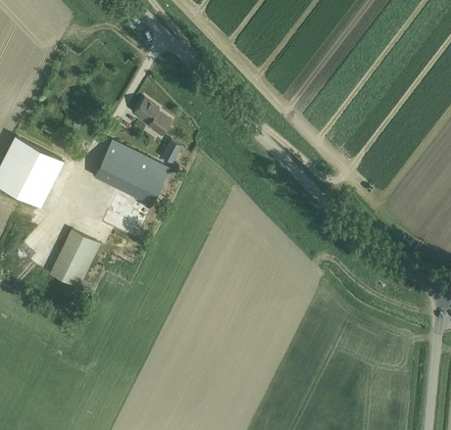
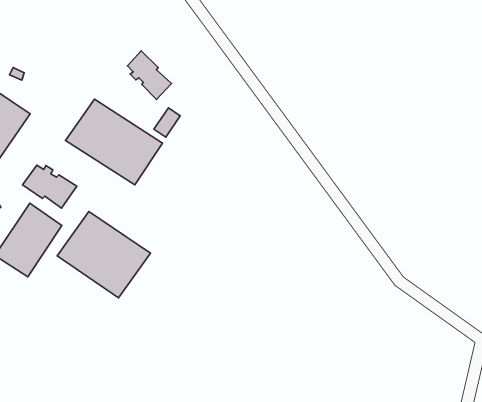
building: none -> [23,165,77,208]
building: none -> [57,211,150,298]

